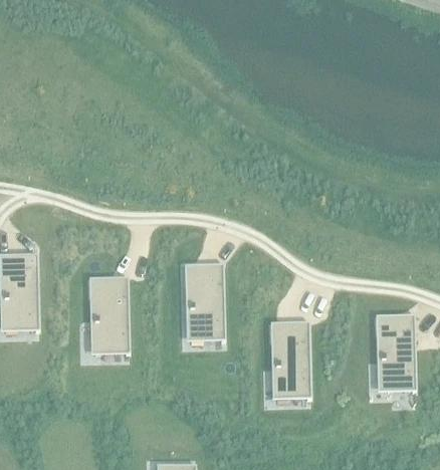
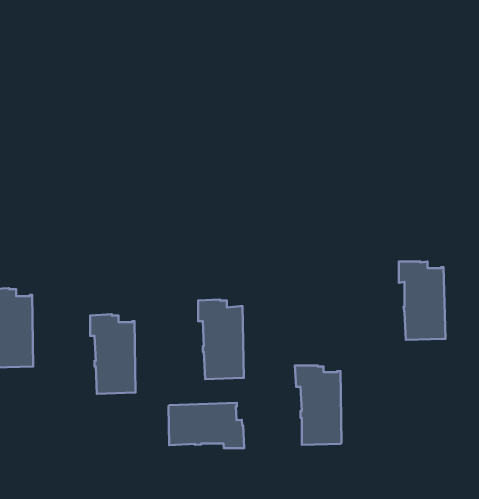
building: [373,318,414,388] -> [399,261,446,340]
building: none -> [169,403,244,448]

